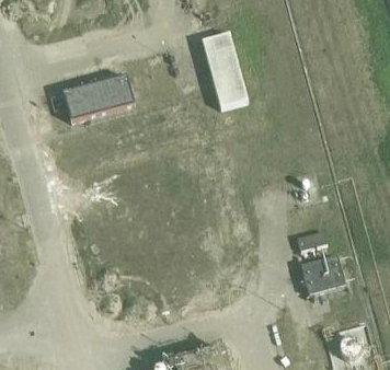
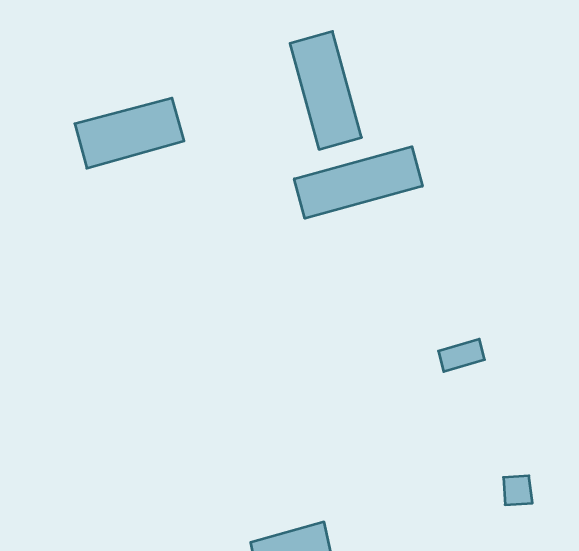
building: none -> [294,147,422,218]
building: [300,256,344,294] -> none

